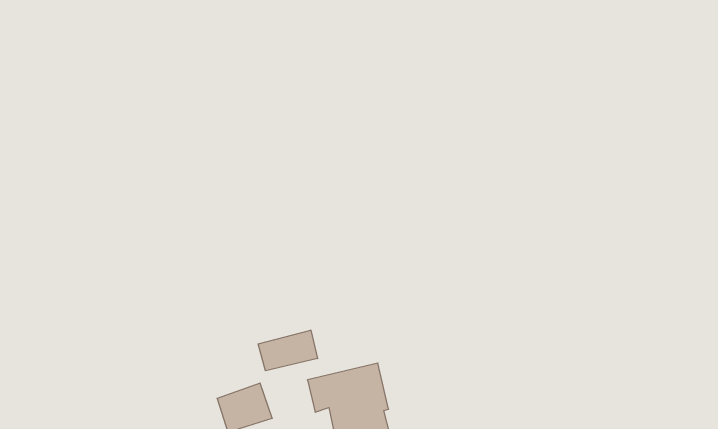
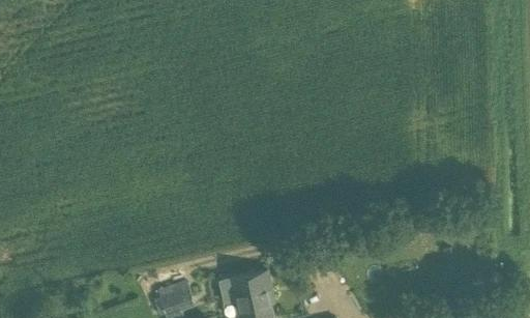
building: [258,330,318,371] -> none

